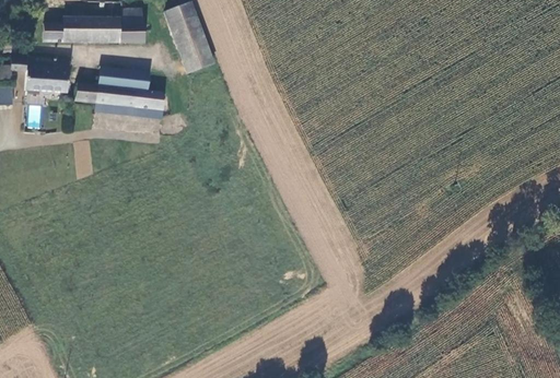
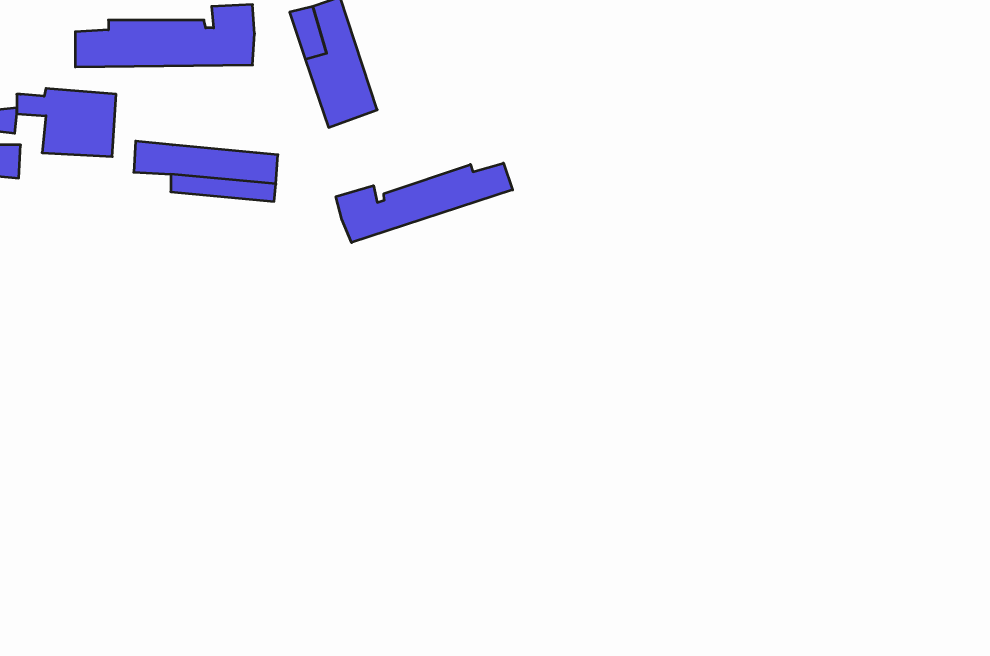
building: [98,69,148,91] -> none
building: none -> [336,163,513,243]

